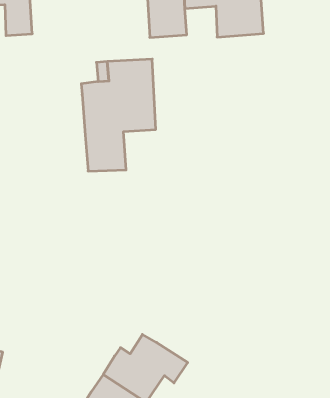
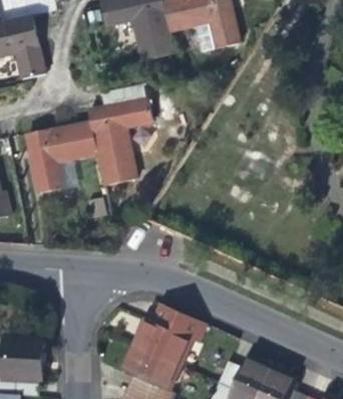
building: none -> [25,116,95,190]

